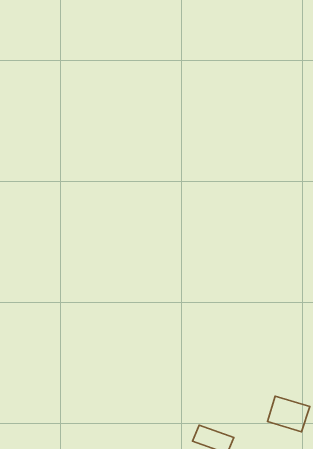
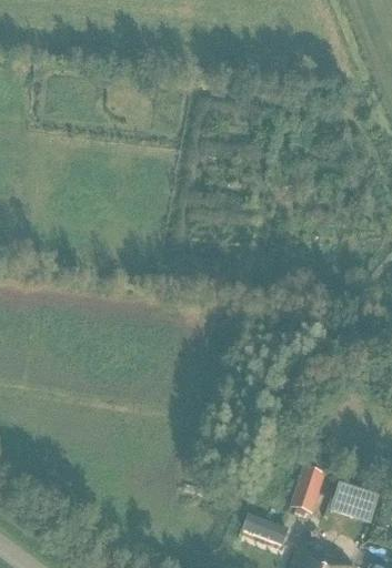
building: none -> [289,467,325,514]

